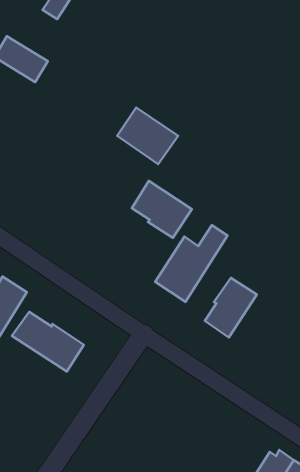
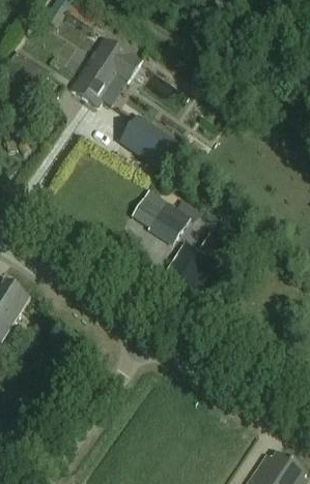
building: none -> [71,37,144,103]
building: [205,278,257,338] -> none
building: [12,312,84,371] -> none

